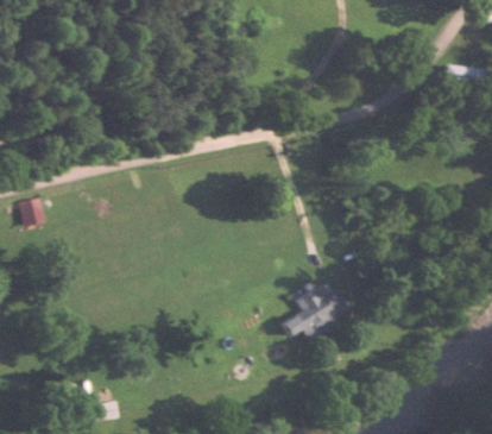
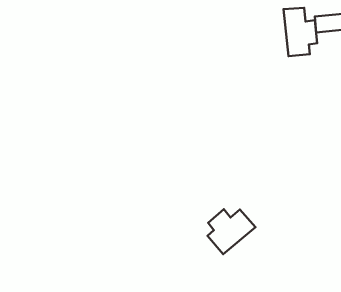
building: none -> [283,8,317,56]

